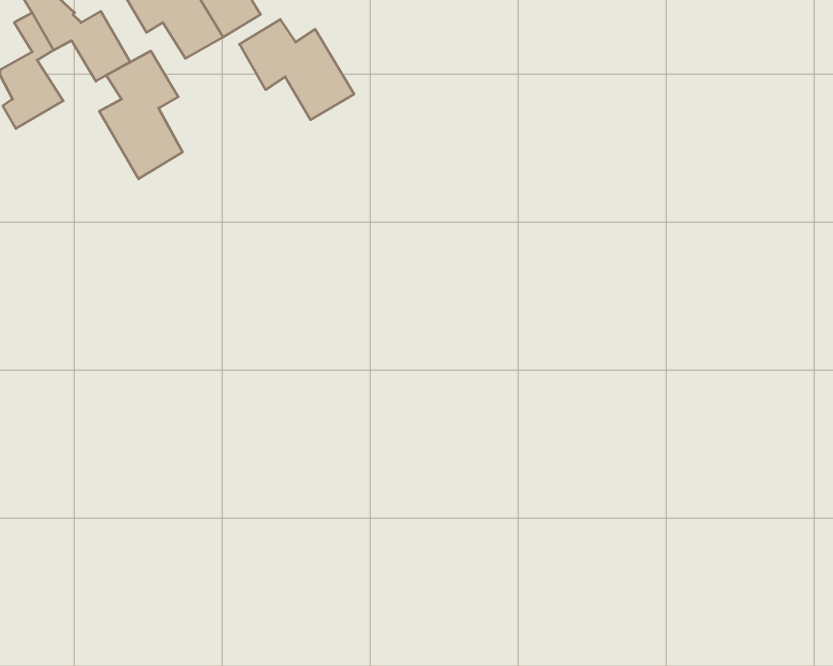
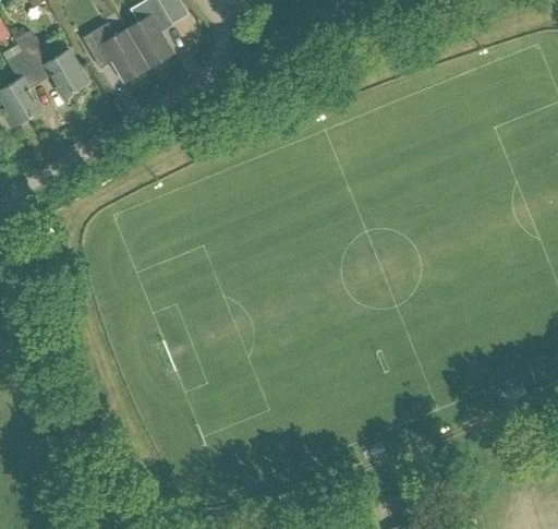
building: [239,19,354,120] -> none
building: [99,51,182,179] -> none

